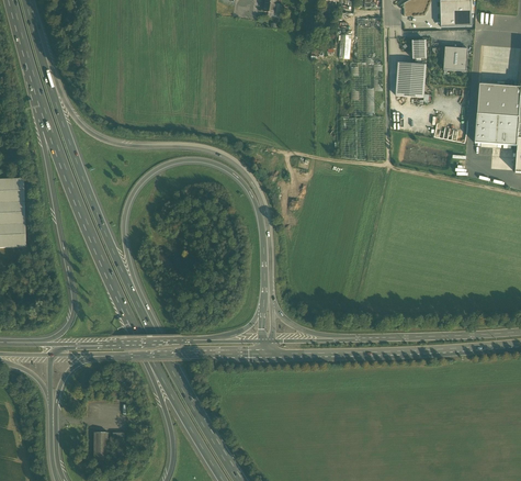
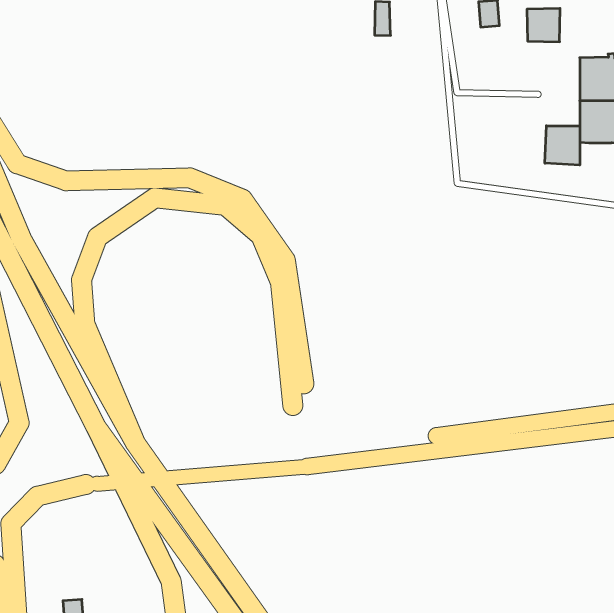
building: [396,61,426,97] -> none
building: none -> [545,126,580,165]

